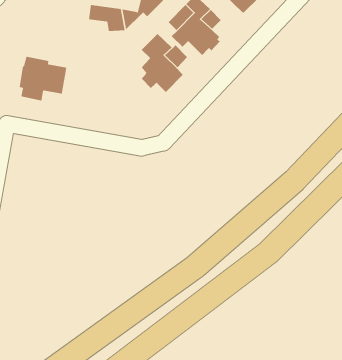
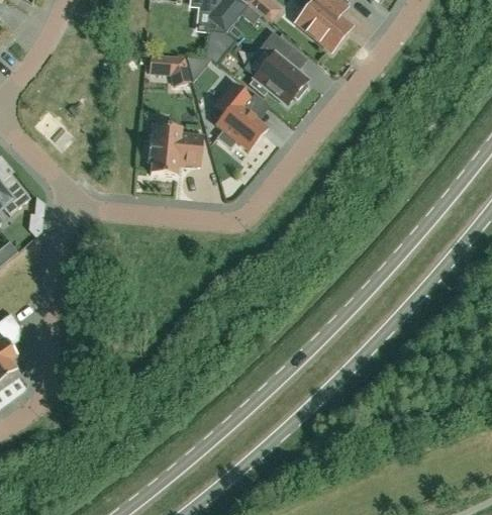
building: [19,56,67,101] -> [146,124,202,176]

